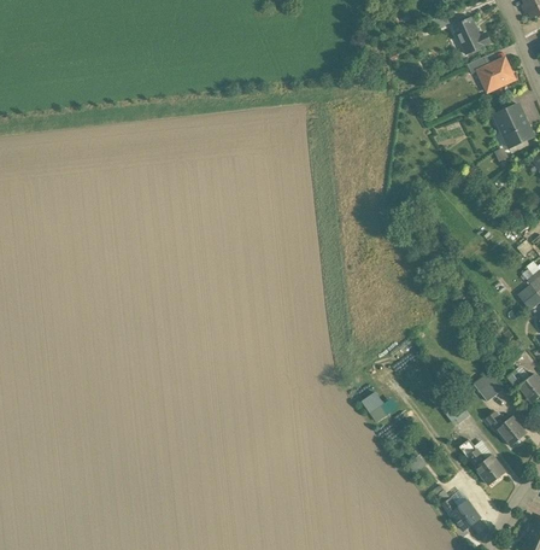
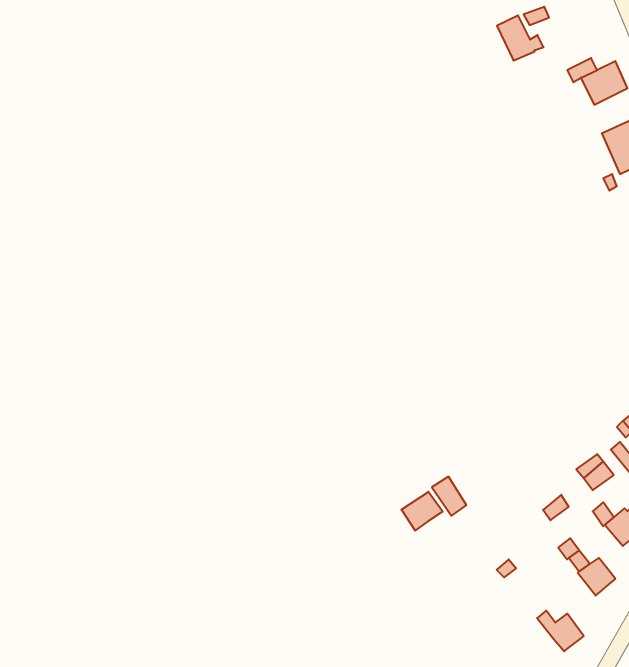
building: [454,18,492,54] -> [497,15,544,61]
building: none -> [401,492,443,531]

